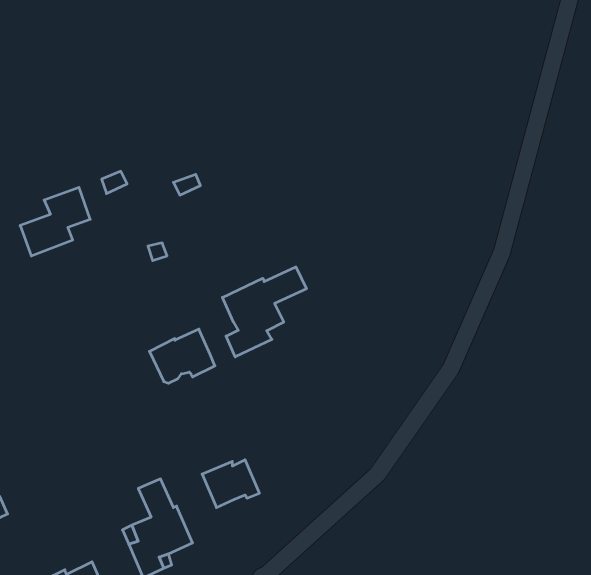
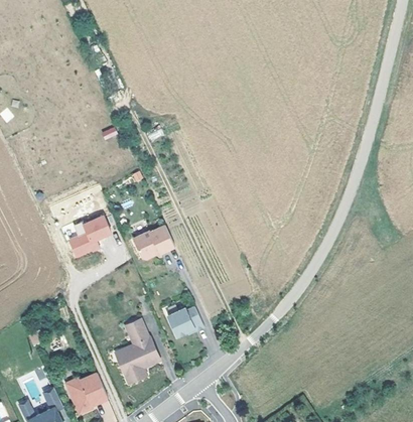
building: [20,187,90,256] -> [67,216,112,259]
building: [222,267,306,357] -> none

